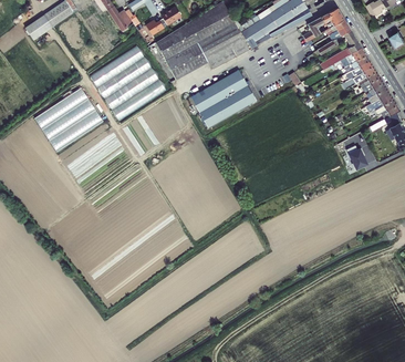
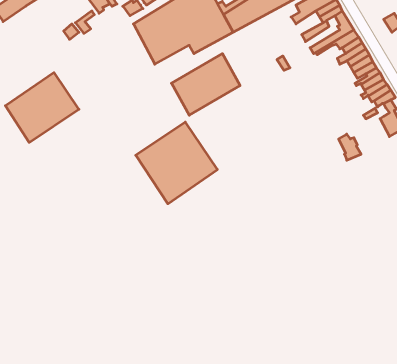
building: [90,44,166,121] -> [136,122,217,204]

